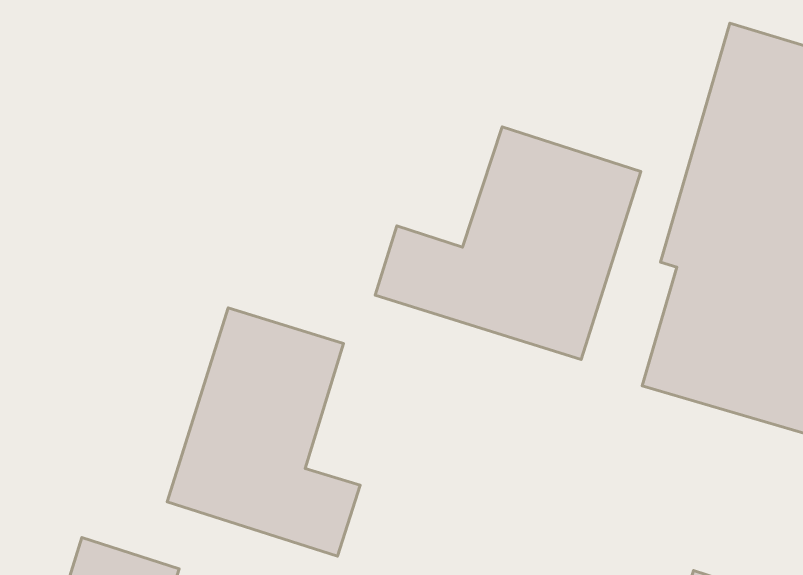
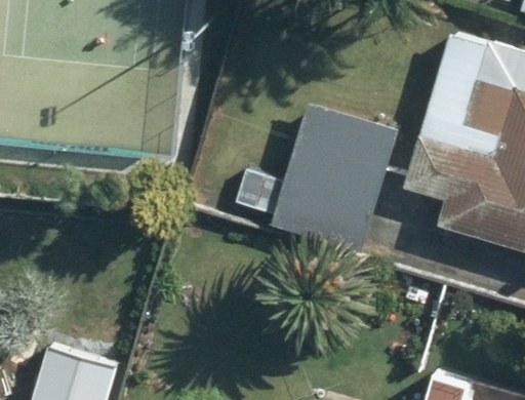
building: [167,308,360,556] -> none

